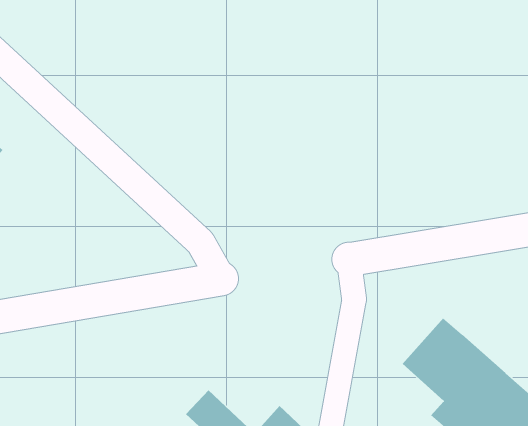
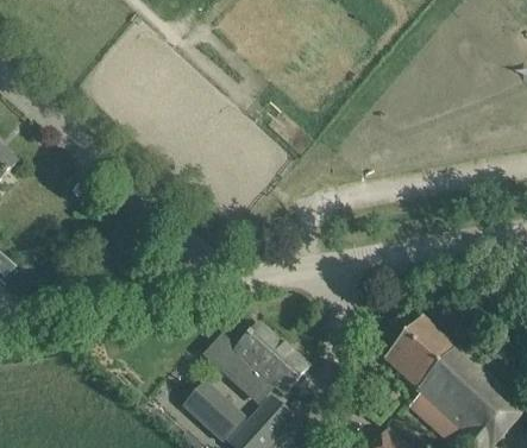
building: none -> [213,321,307,404]

